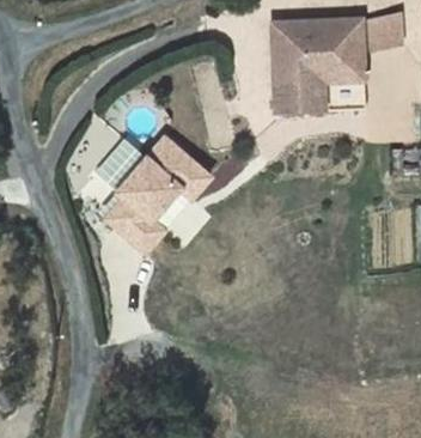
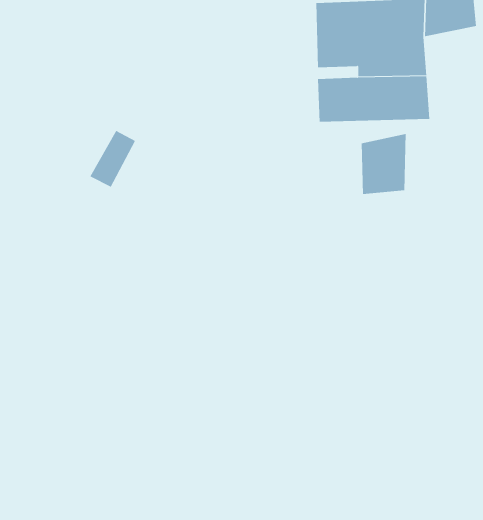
building: [110,117,214,231] -> none
building: none -> [361,133,406,195]

